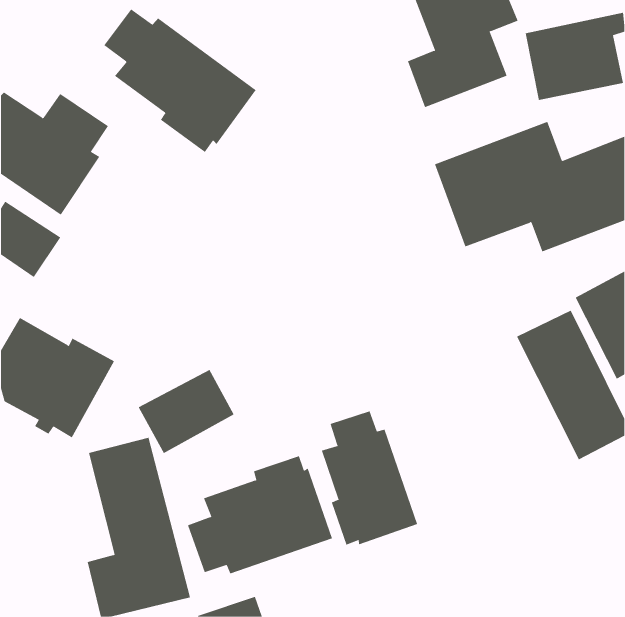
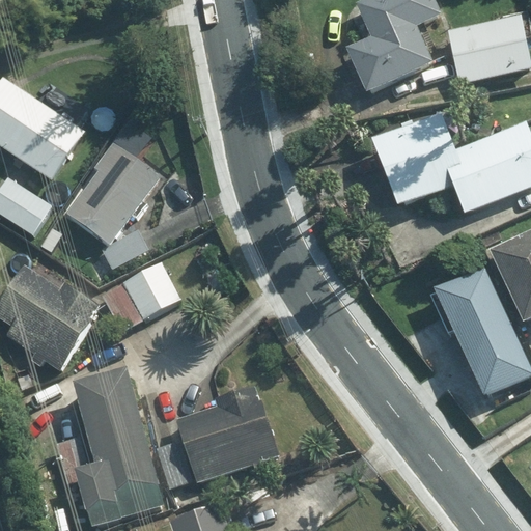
building: [103,9,257,153] -> none
building: none -> [37,141,160,268]
building: [138,369,234,454] -> [99,261,180,333]
building: [321,410,418,545] -> none

